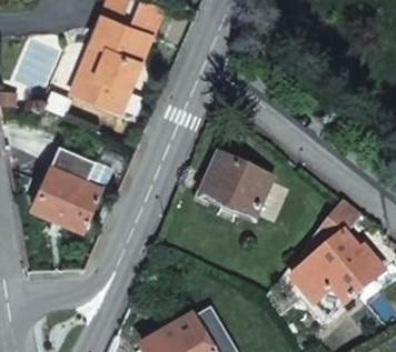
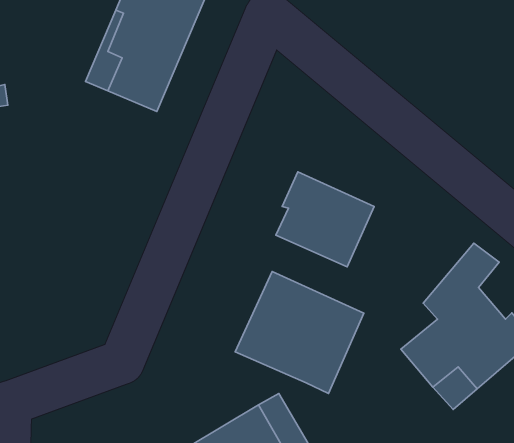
building: [32,143,102,228] -> none
building: none -> [235,271,364,394]

